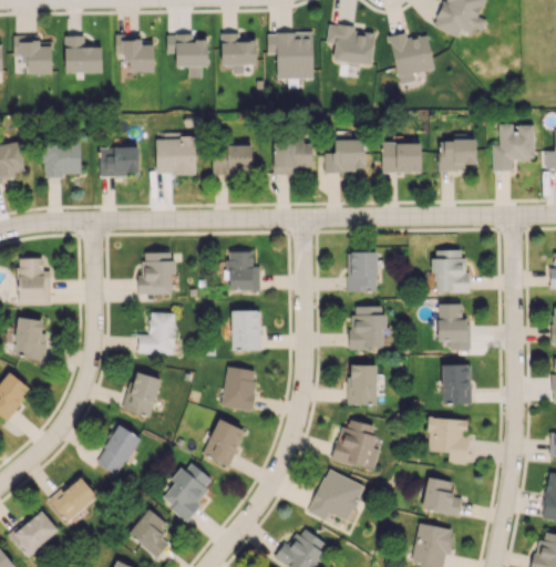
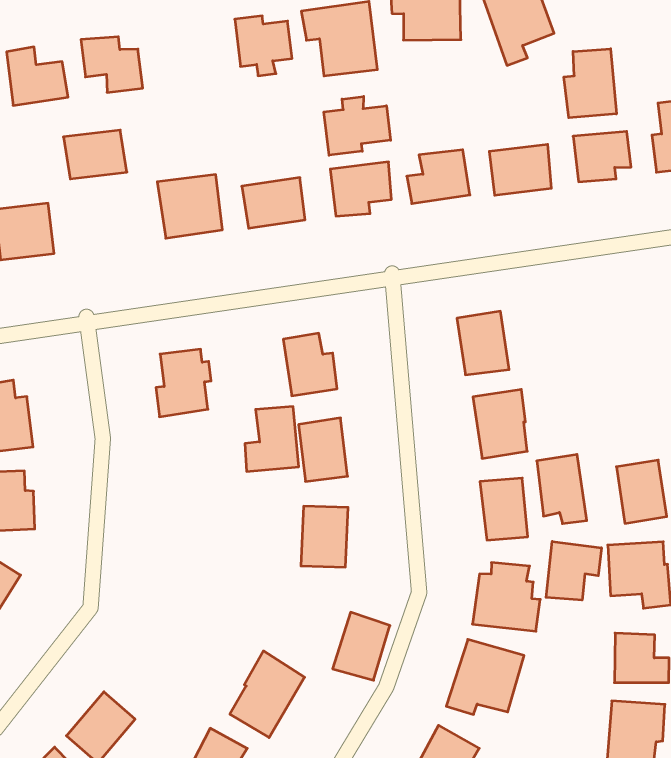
building: [167,34,208,79] -> none
building: none -> [564,49,616,118]
building: none -> [324,96,391,155]
building: [100,147,140,176] -> [63,130,127,179]
building: [433,250,469,292] -> none
building: [439,303,467,349] -> [537,454,587,524]
building: [138,312,175,354] -> [245,407,299,471]
building: [123,371,162,417] -> none
building: none -> [546,541,601,600]
building: [203,419,245,466] -> [333,612,390,680]
building: [95,424,140,476] -> none

